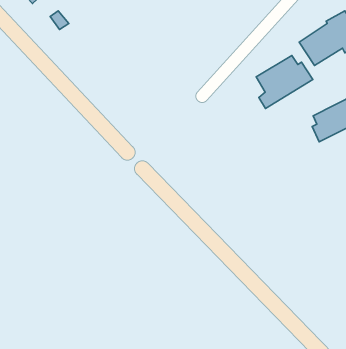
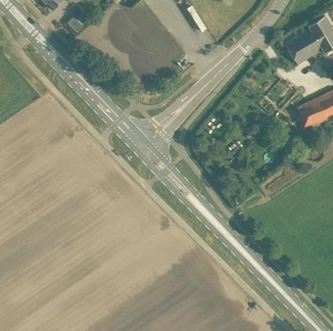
building: [256,56,313,108] -> none

